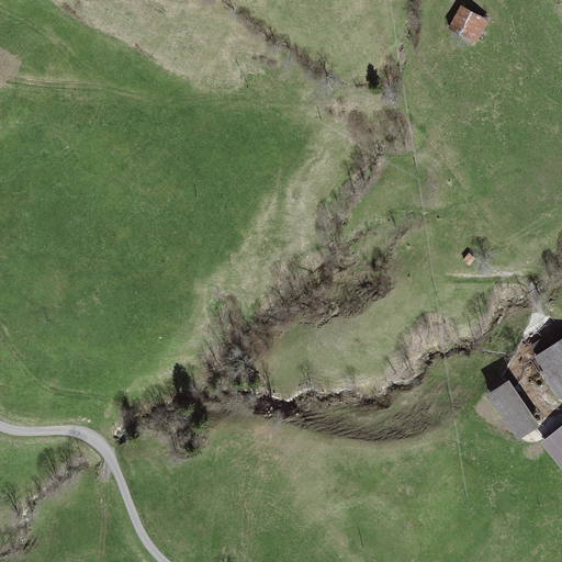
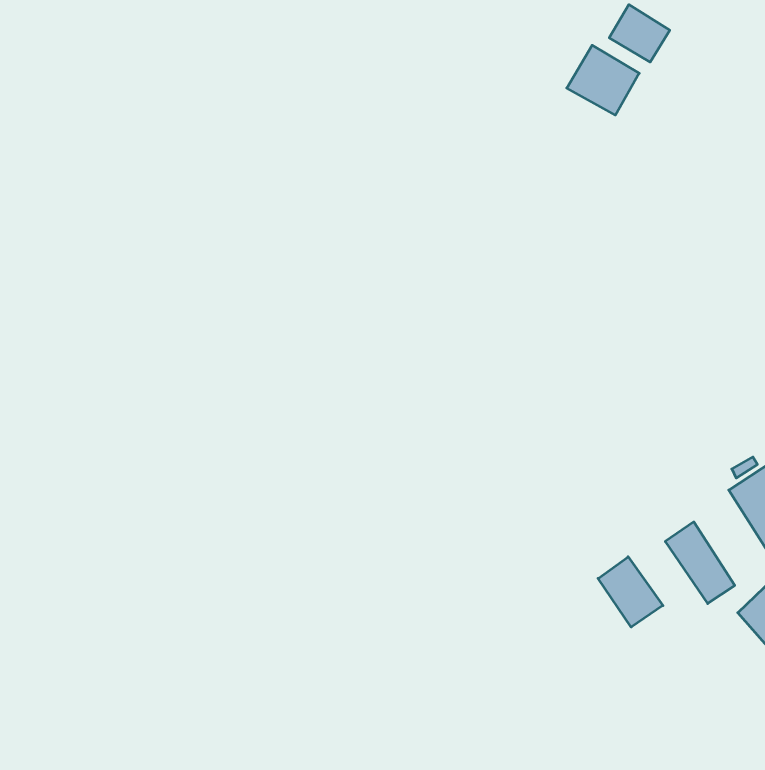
building: none -> [567,45,639,115]
building: none -> [598,557,663,627]

